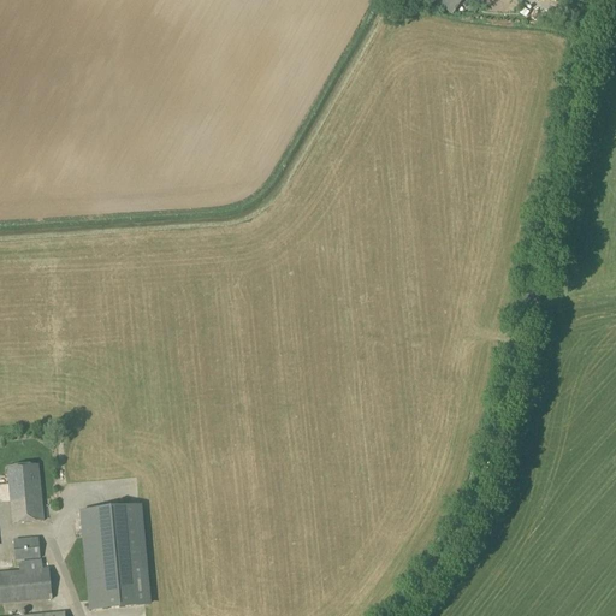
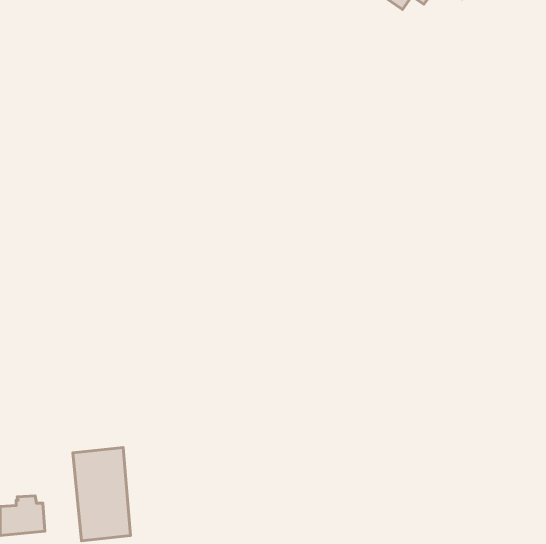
building: [8,461,43,521] -> none
building: [13,535,41,558] -> none

